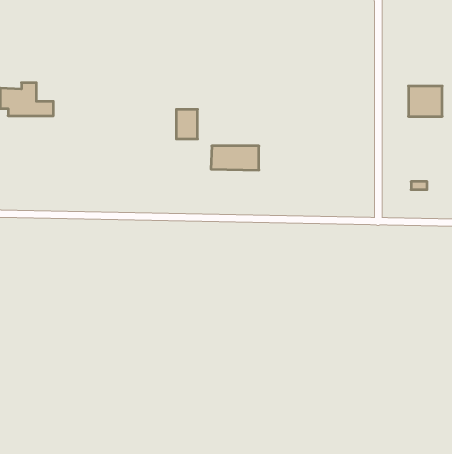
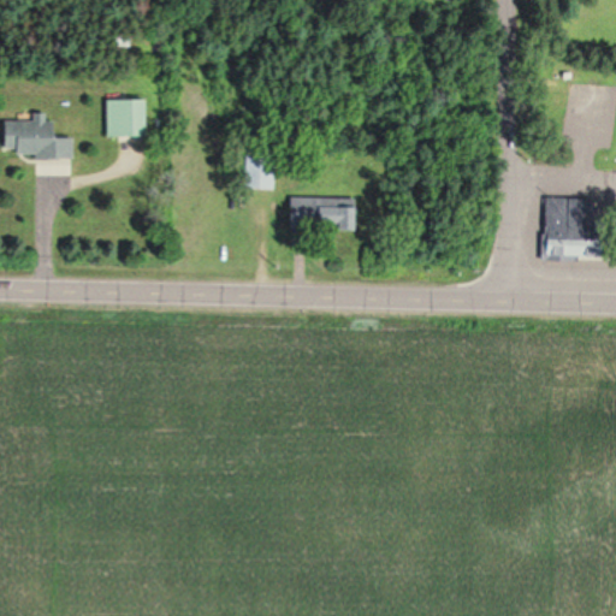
building: none -> [106,100,148,137]
building: [408,86,442,116] -> [546,199,592,239]

